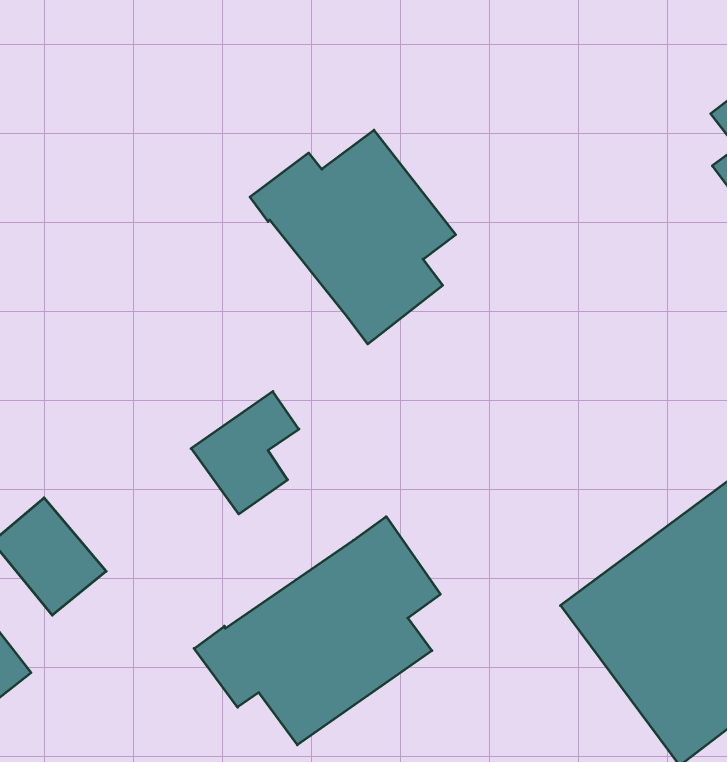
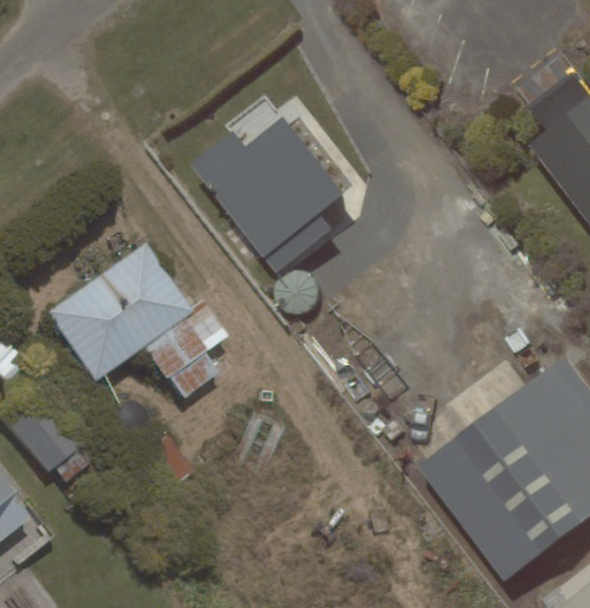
building: none -> [49,242,196,380]
building: [194,517,440,745] -> none

